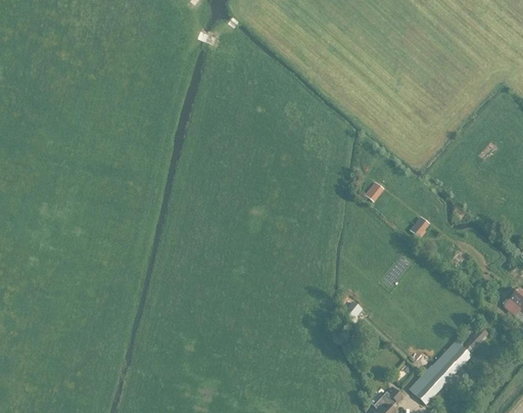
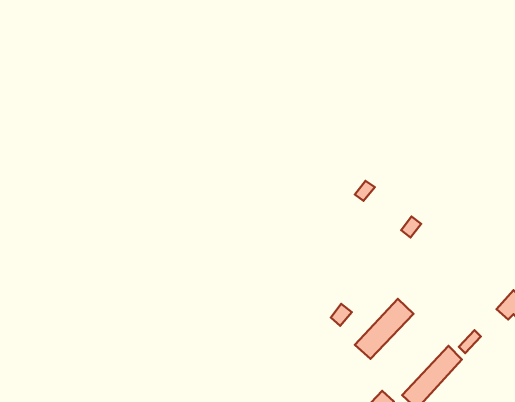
building: none -> [355,299,414,359]

